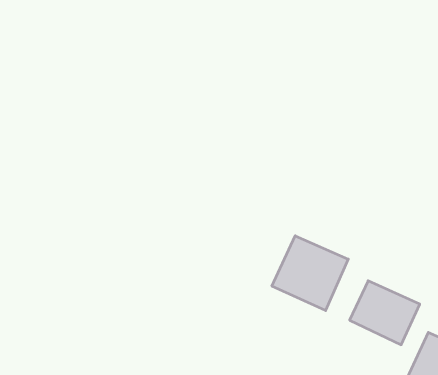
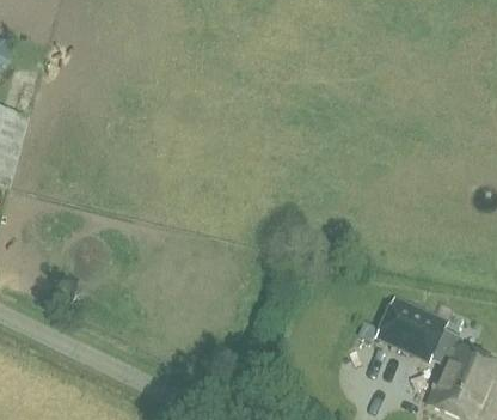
building: [272,236,348,311] -> none

